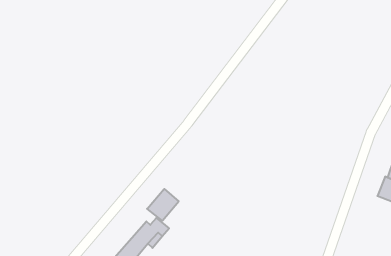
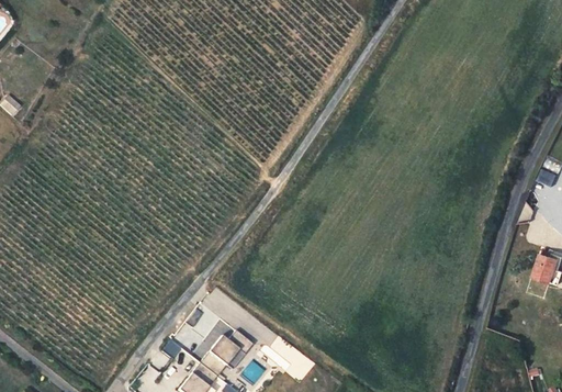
building: [147,189,179,221] -> none

